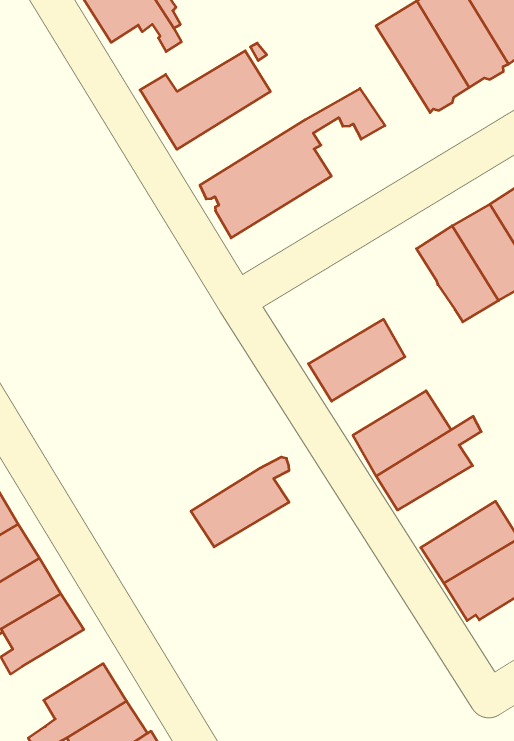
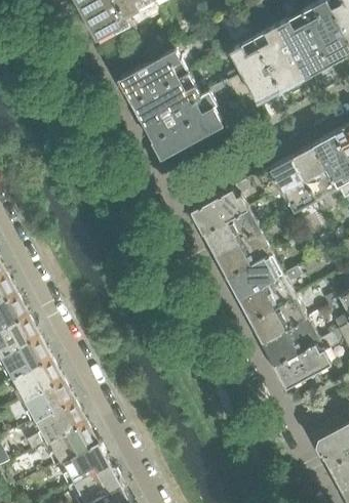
building: none -> [220,32,281,102]
building: none -> [132,73,208,125]
building: none -> [215,232,270,276]
building: [191,457,289,547] -> [190,182,248,233]
building: none -> [249,297,307,343]
building: none -> [25,380,73,423]

